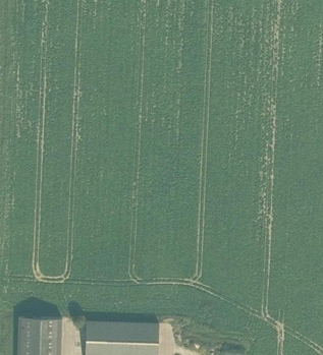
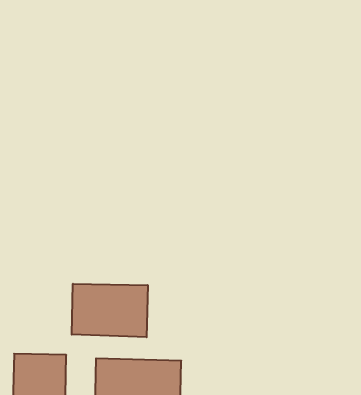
building: none -> [72,284,148,337]

